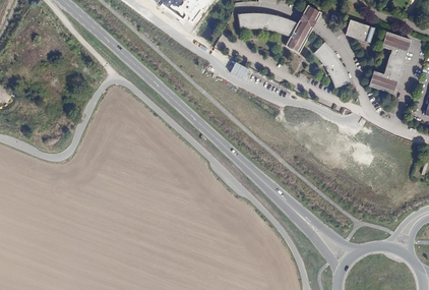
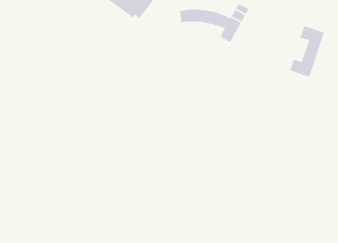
building: [346,20,375,43] -> none
building: [314,43,350,88] -> none

